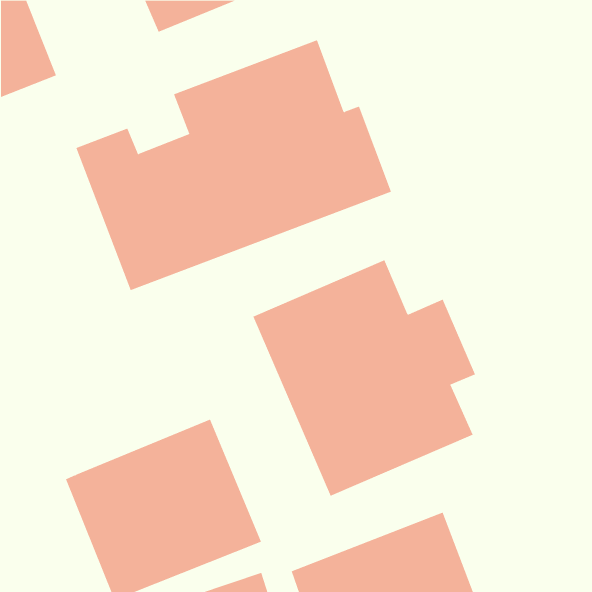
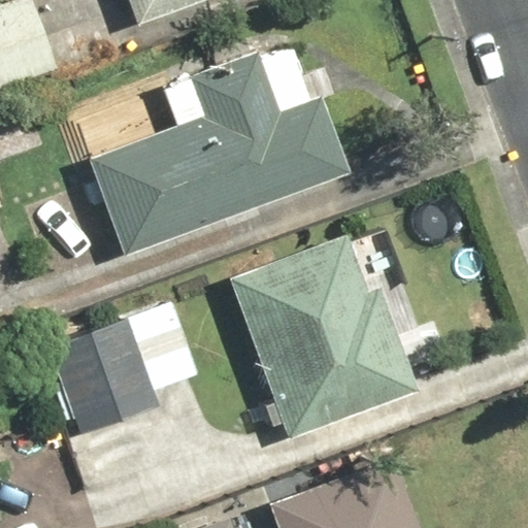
building: none -> [40,300,195,423]

